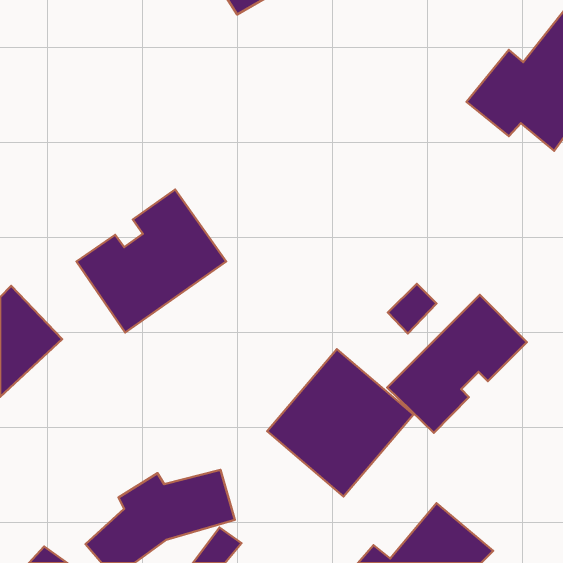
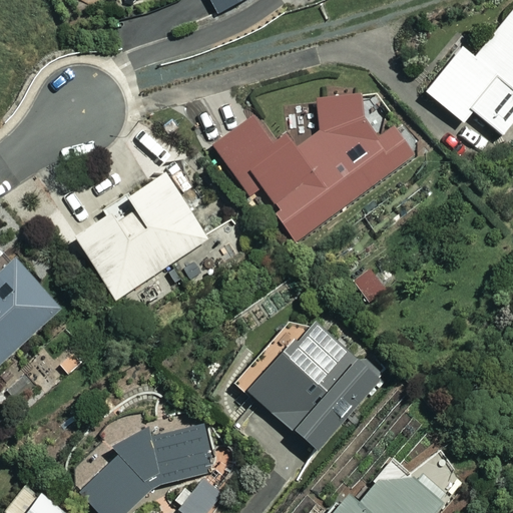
building: none -> [214,85,418,245]
building: [387,295,527,433] -> none

